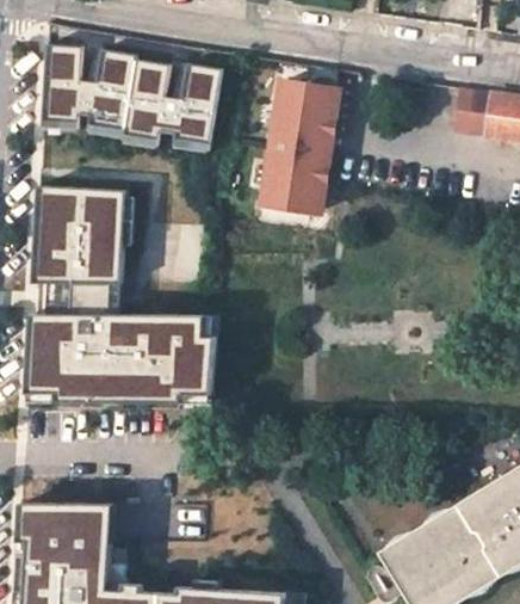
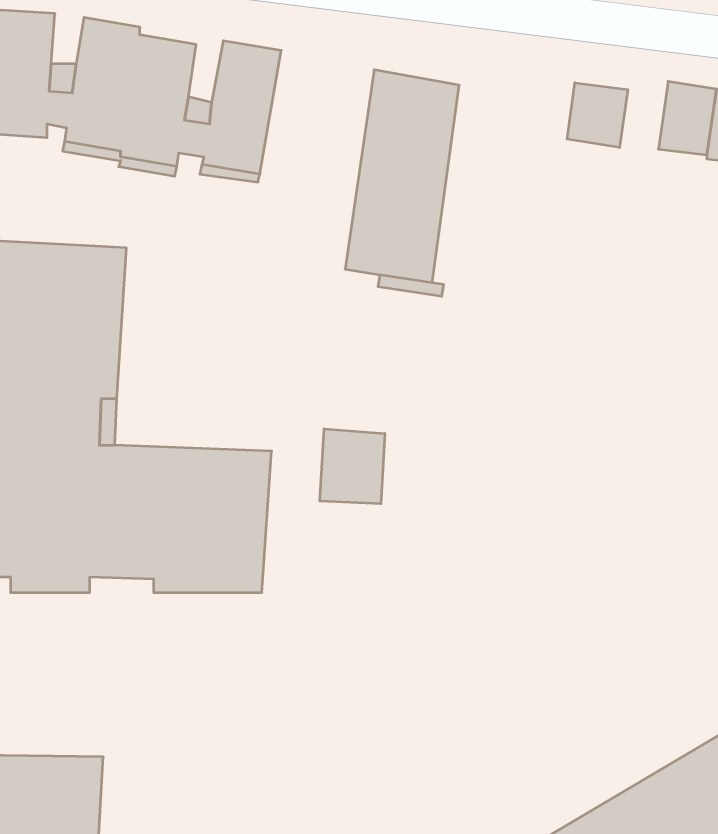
building: none -> [567,83,628,148]
building: none -> [320,429,385,504]

